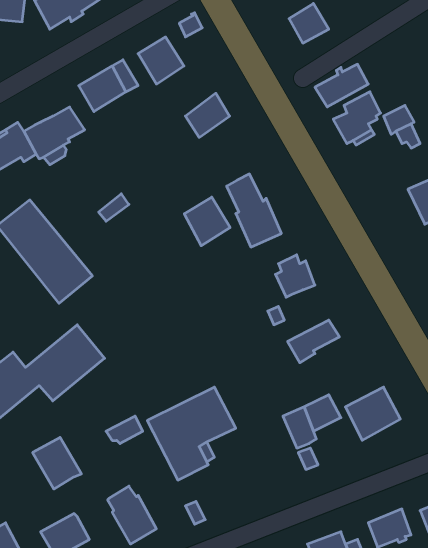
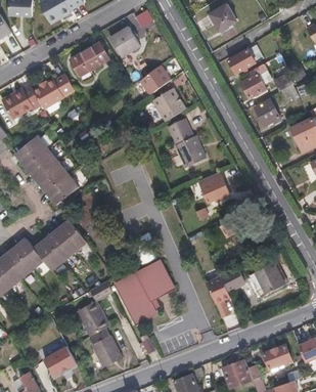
building: none -> [254,99,280,126]
building: [184,197,230,246] -> [153,88,184,121]
building: [33,437,81,489] -> [75,302,107,337]

